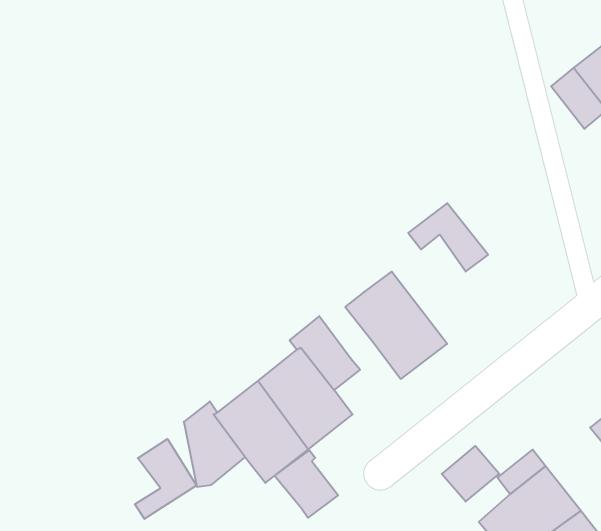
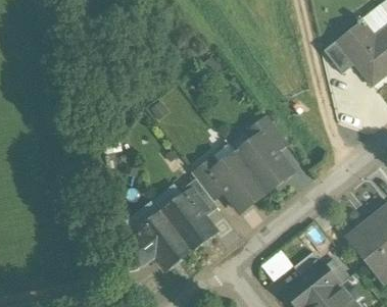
building: none -> [236,132,292,192]
building: none -> [192,154,226,200]
building: [135,439,197,519] -> none
building: [274,450,338,518] -> none

